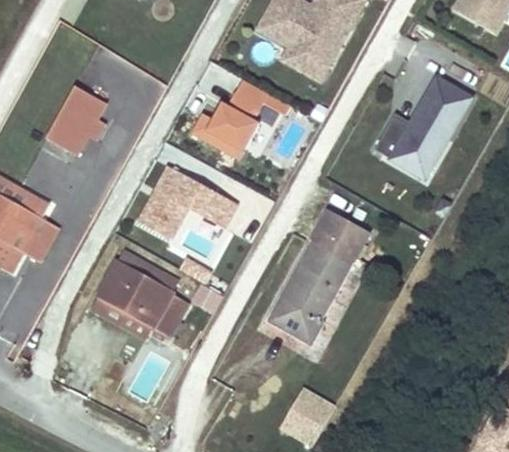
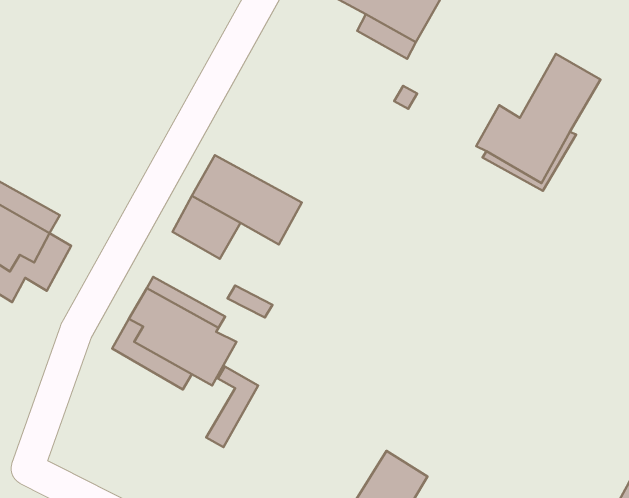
building: [190,81,291,162] -> none
building: [45,85,105,154] -> none
building: [265,209,368,345] -> none
building: none -> [206,367,258,447]

